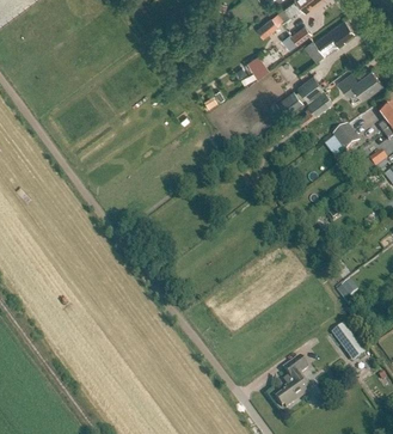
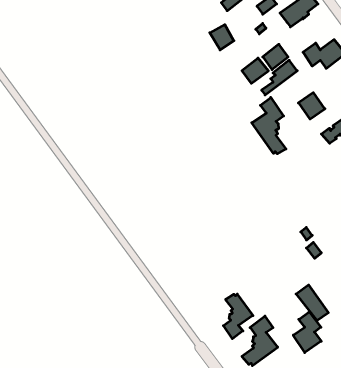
building: none -> [252,97,286,154]
building: none -> [223,294,253,339]
building: none -> [293,312,321,353]

